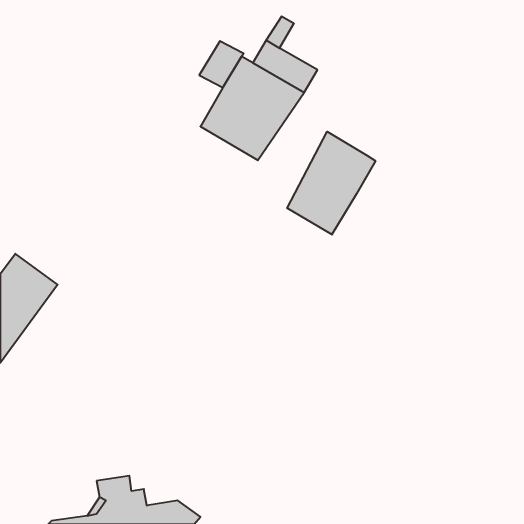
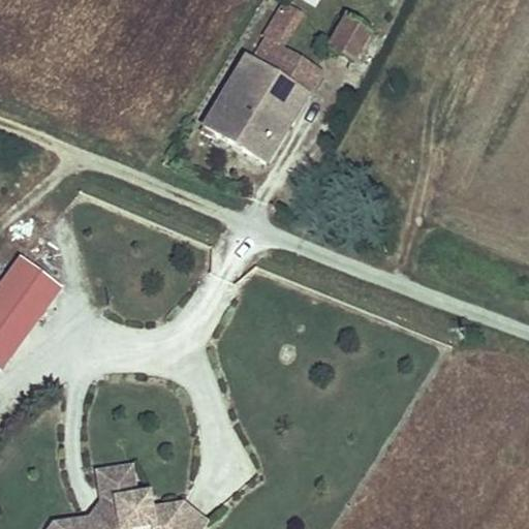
building: none -> [328,14,372,60]
building: [287,132,375,235] -> none

